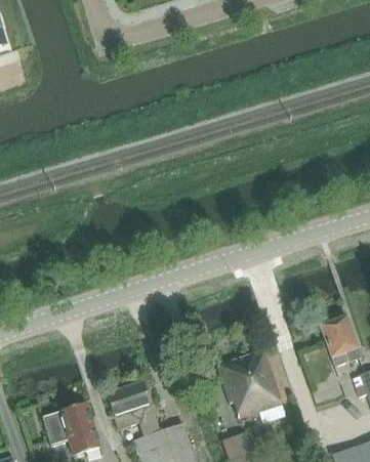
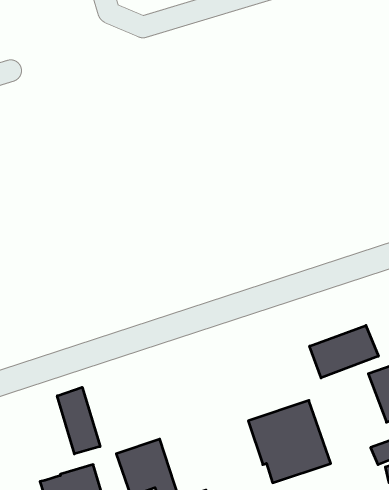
building: none -> [310,325,378,378]
building: none -> [57,387,100,454]

